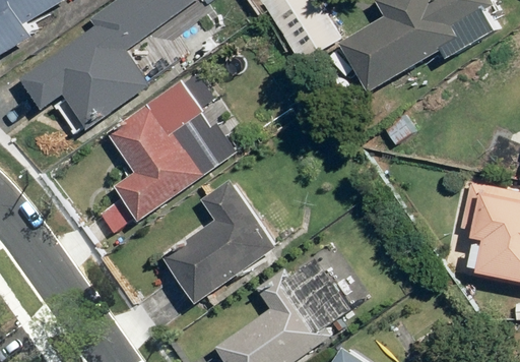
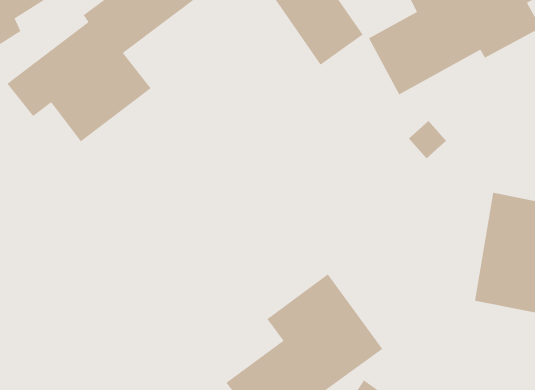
building: [98,75,216,232] -> none
building: [165,178,280,308] -> none

